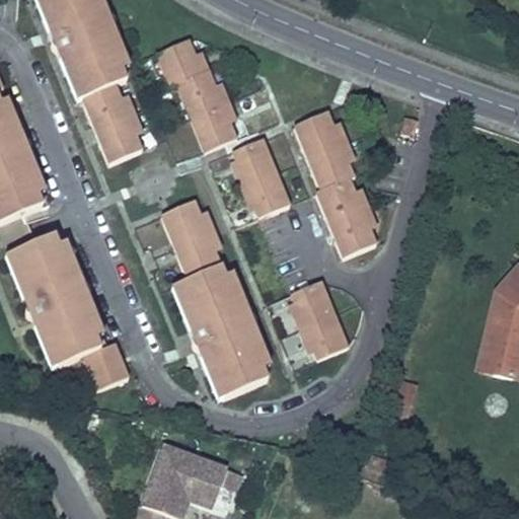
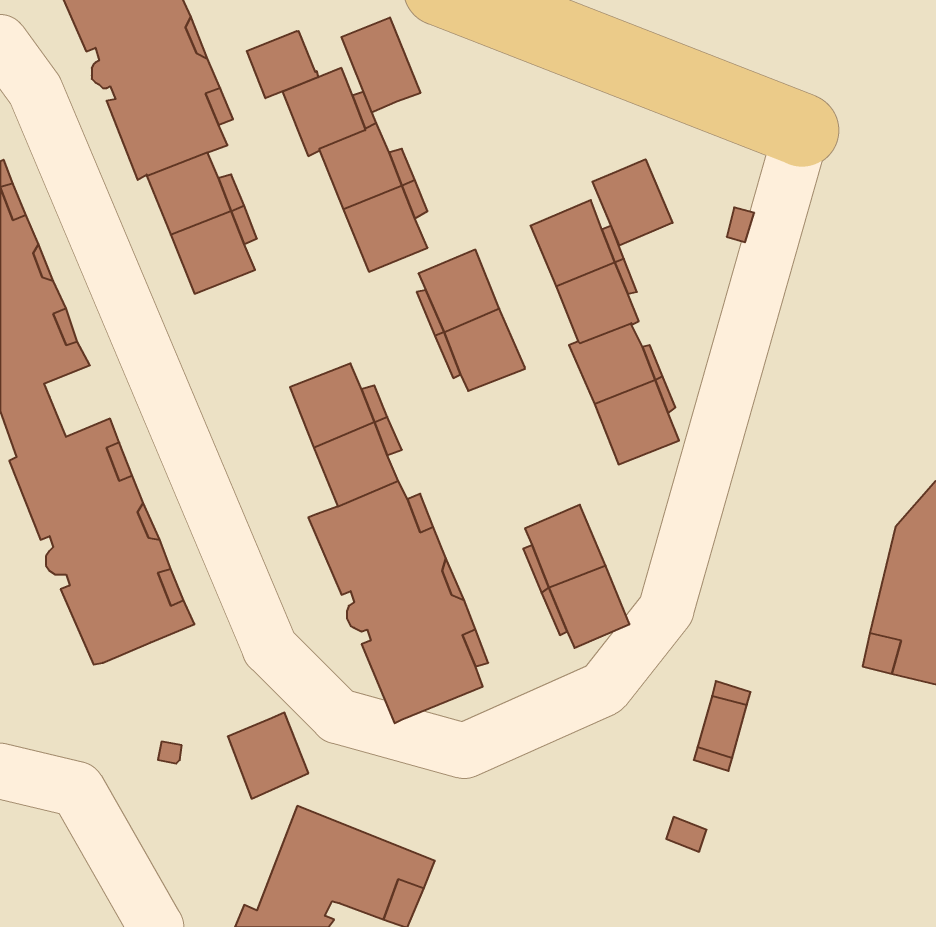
building: none -> [341,17,420,113]
building: none -> [247,31,318,98]
building: none -> [592,159,673,245]
building: [84,342,129,389] -> [228,713,308,799]

